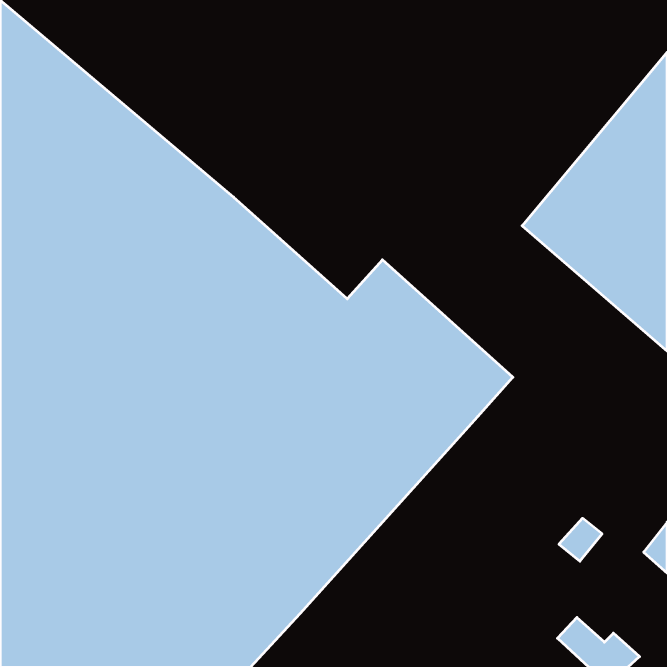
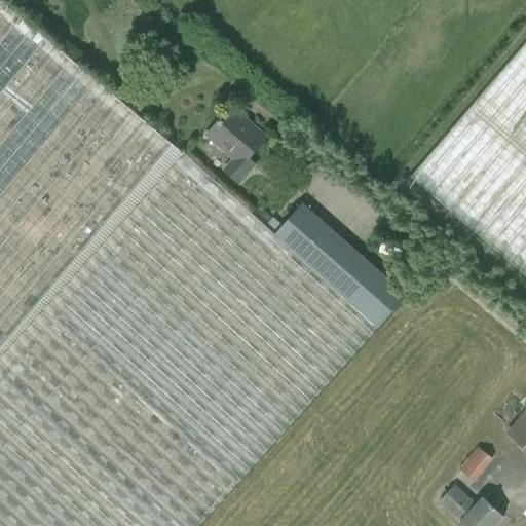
building: none -> [205,109,261,184]
building: [559,518,602,561] -> [458,448,492,482]

